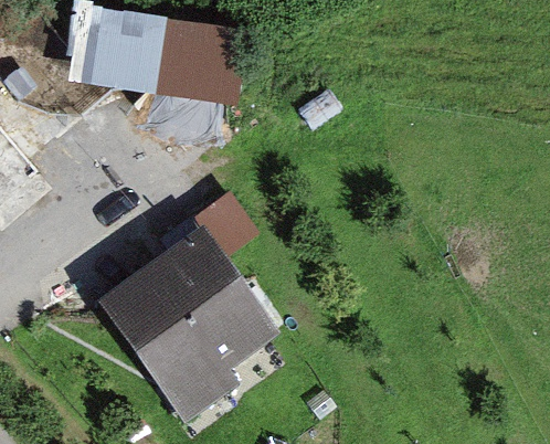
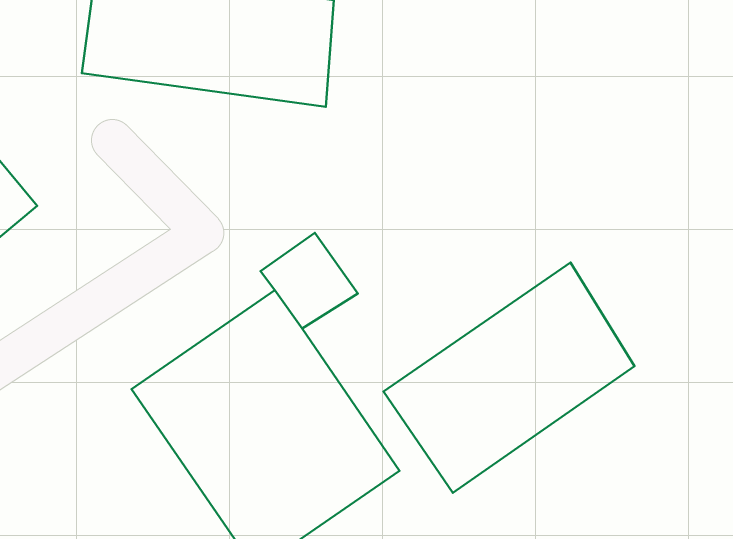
building: none -> [383,263,634,493]

